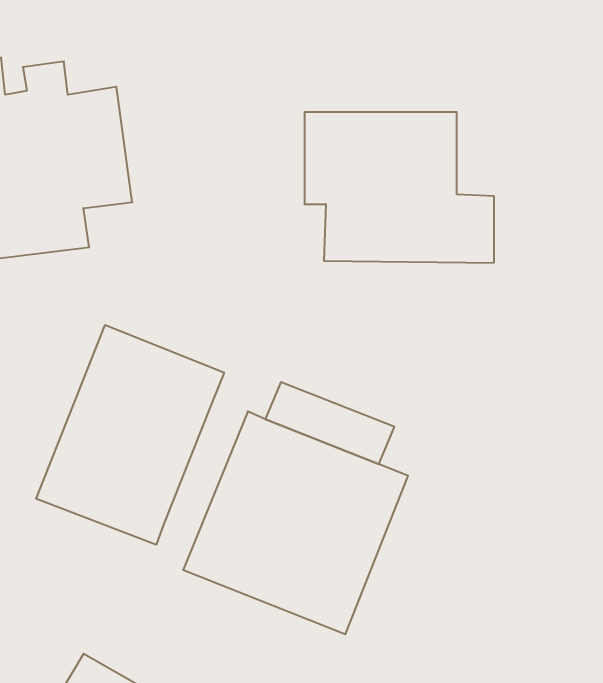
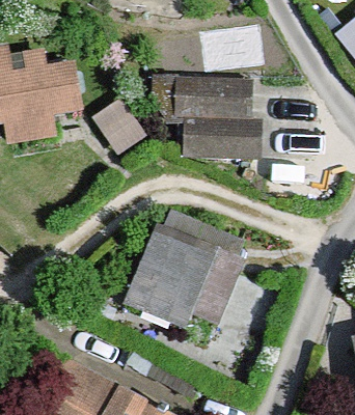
building: [36,325,224,545] -> none

